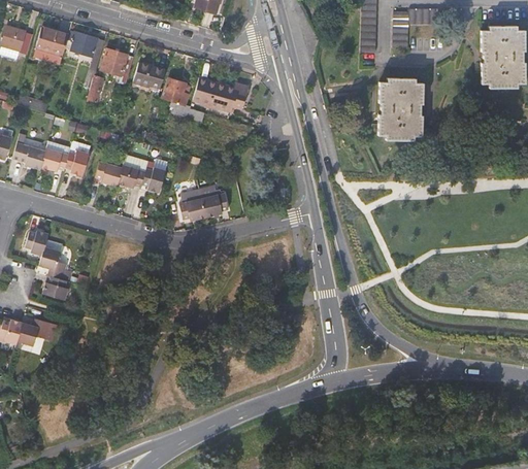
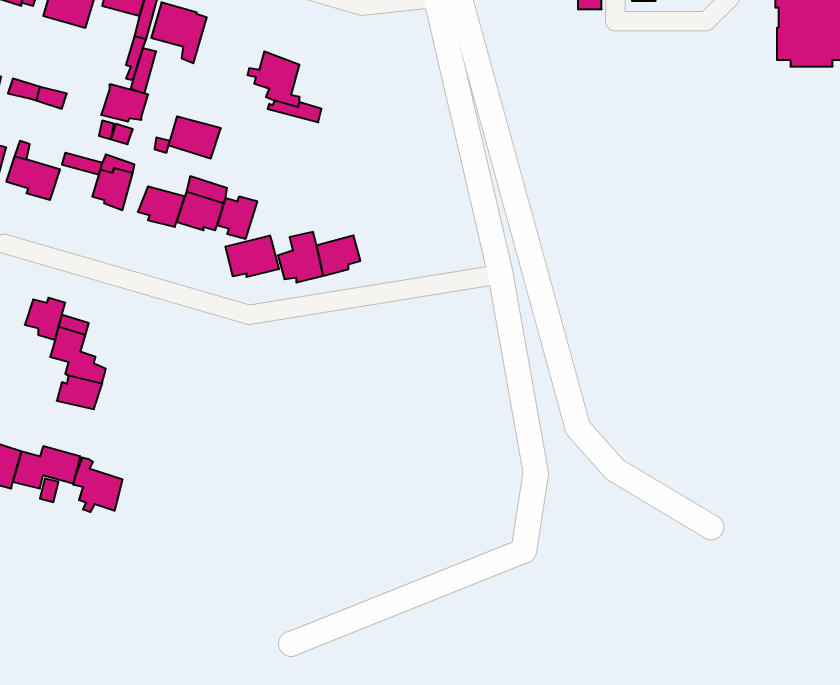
building: [134,63,166,89] -> [169,116,221,159]
building: [193,76,249,111] -> none
building: [378,78,423,140] -> none
building: [39,147,68,170] -> [101,85,148,122]
building: none -> [226,235,279,277]
building: none -> [73,457,122,512]

